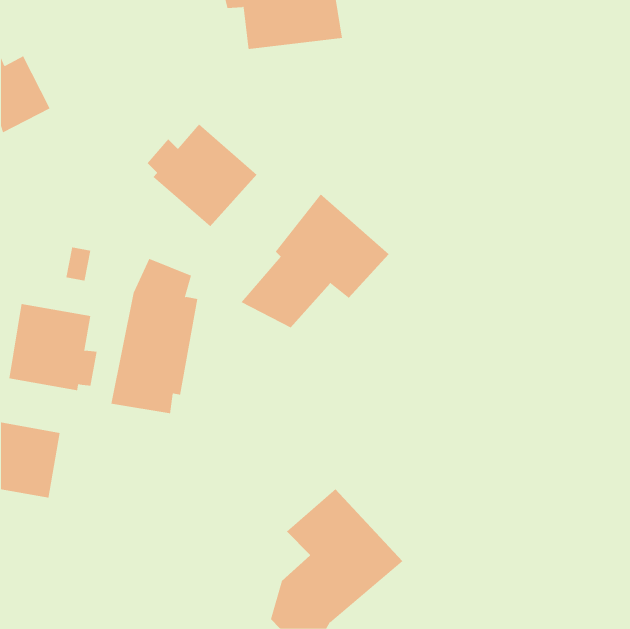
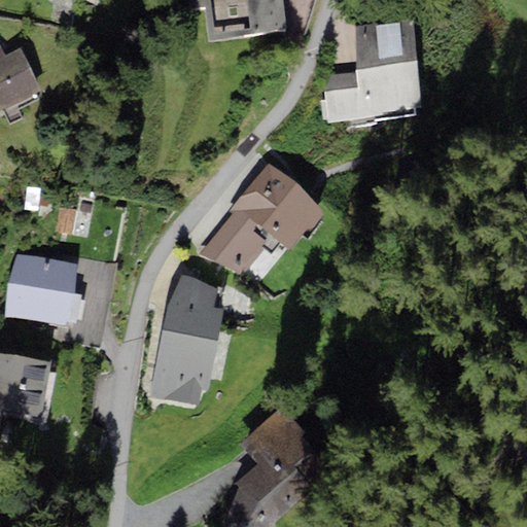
building: none -> [322,19,421,121]
building: [147,123,258,227] -> none
building: [111,258,198,414] -> [149,274,222,403]

